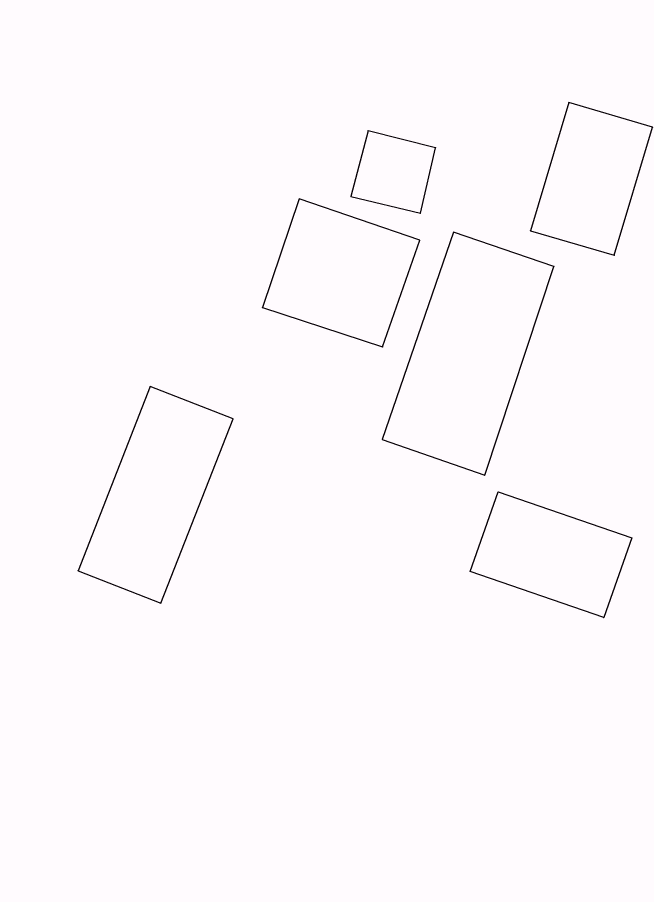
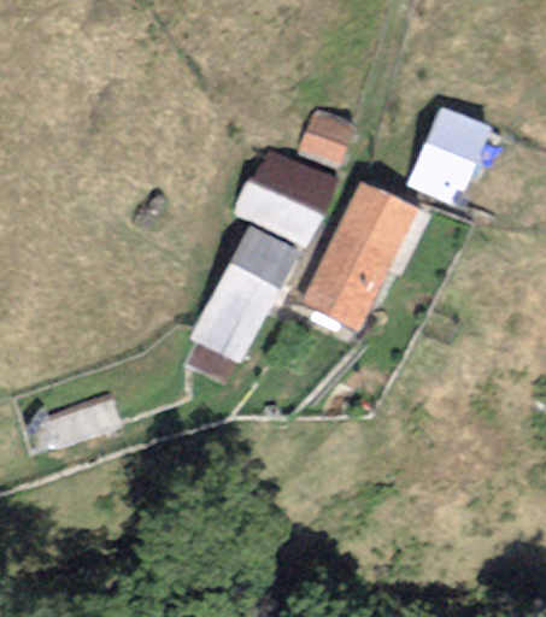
building: [78,387,233,603] -> [192,227,300,363]
building: [470,492,632,618] -> none

